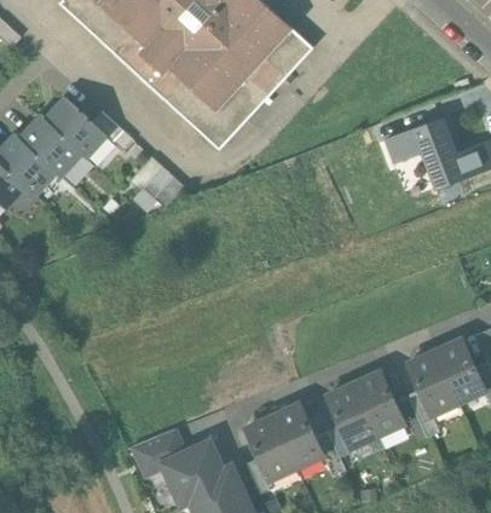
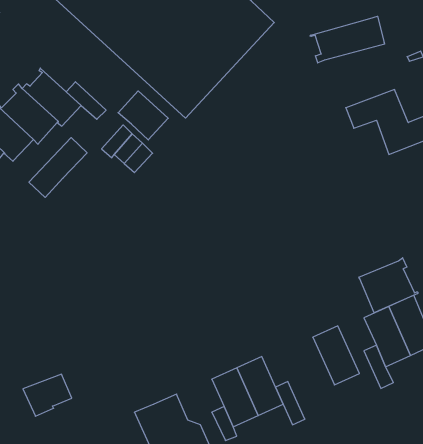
building: none -> [310,16,385,63]
building: none -> [118,91,168,140]
building: none -> [29,138,87,197]
building: none -> [359,258,418,313]
building: [328,382,377,445] -> none
building: [133,428,185,473] -> [23,374,72,416]

